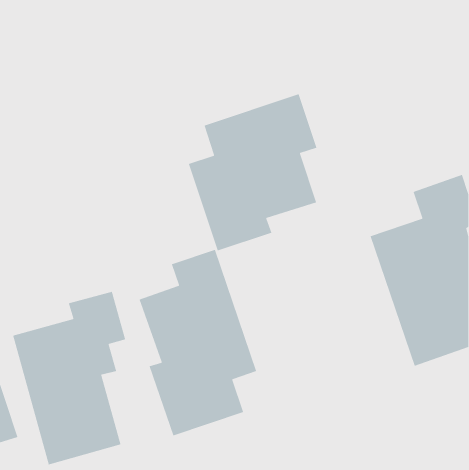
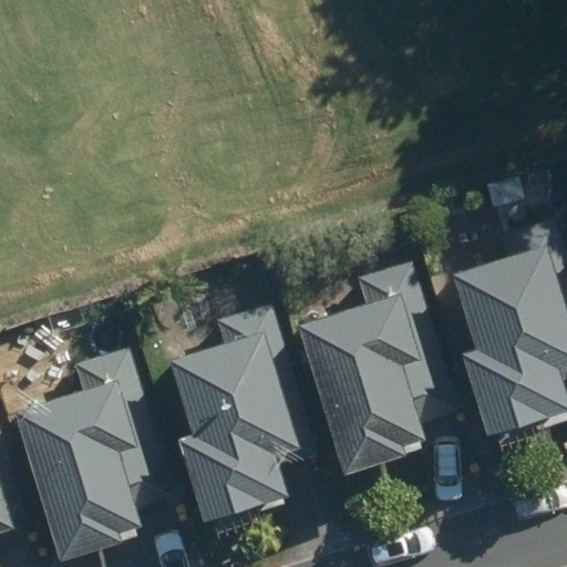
building: [188,93,318,251] -> none
building: none -> [296,257,430,475]

